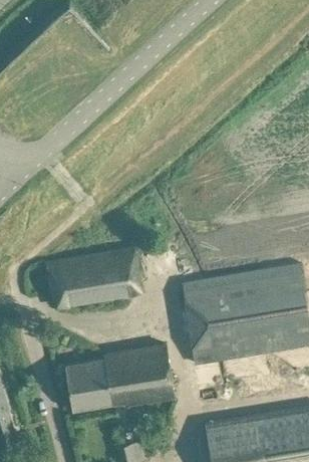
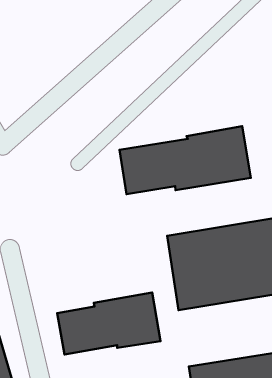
building: none -> [120,126,251,194]
building: [46,249,145,308] -> none

